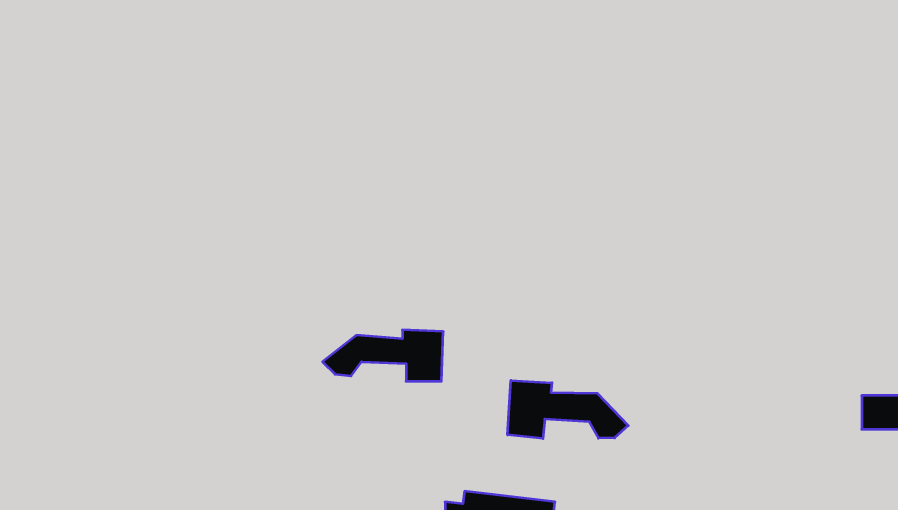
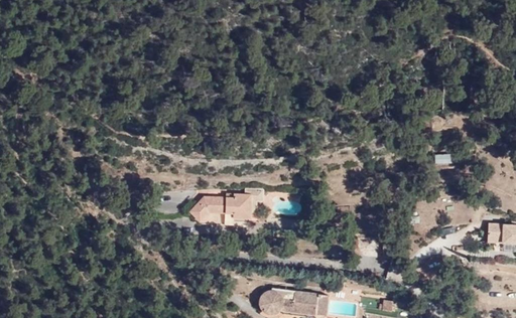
building: [508,380,628,439] -> none

